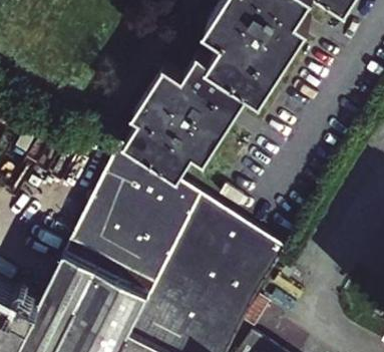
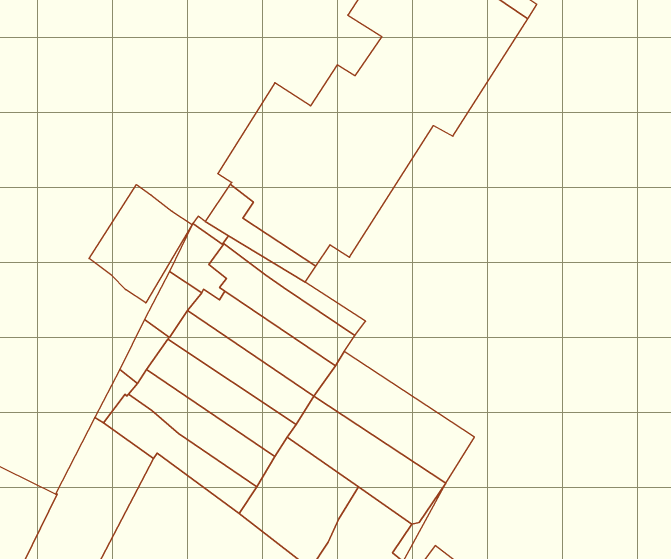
building: none -> [89,185,192,303]
building: [198,209,283,274] -> none

